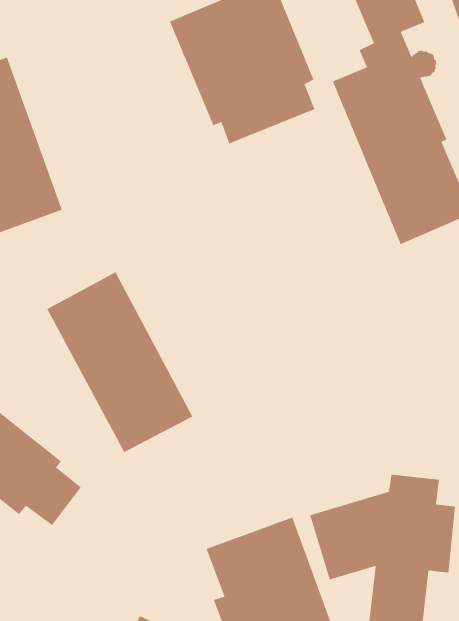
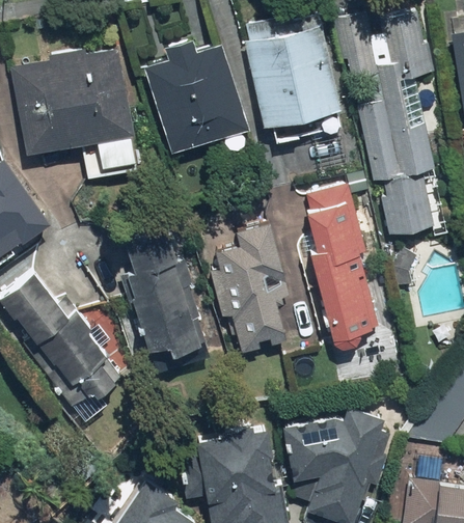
building: none -> [143,39,252,153]
building: none -> [304,192,375,338]
building: none -> [218,219,297,350]

